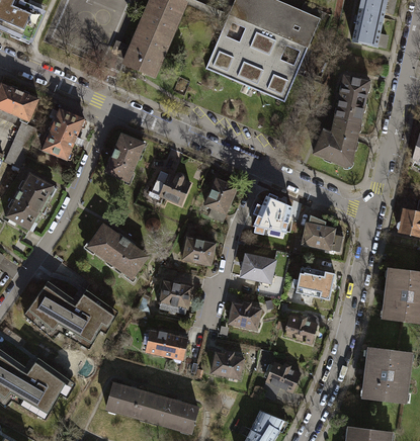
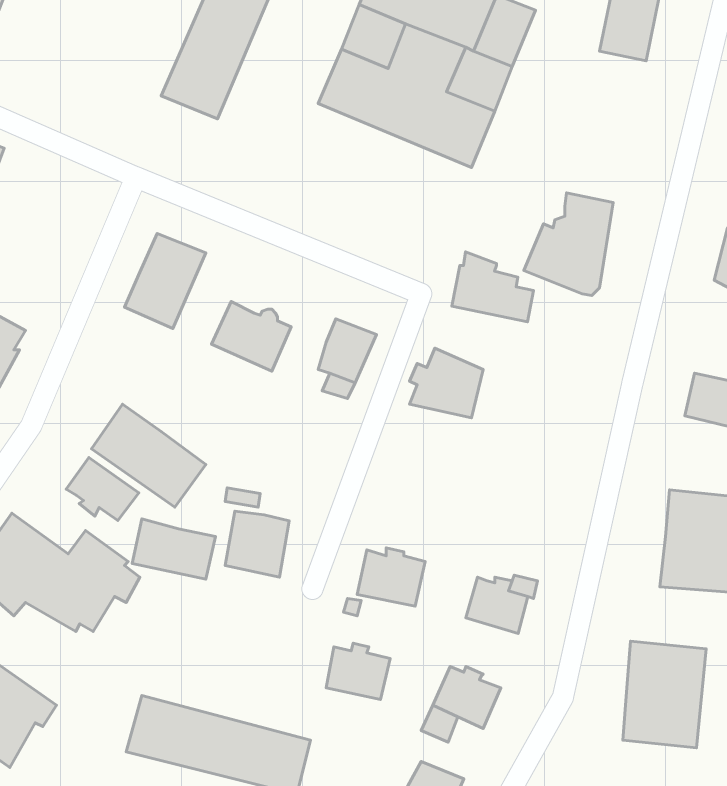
building: [335,76,368,119] -> none
building: [44,111,85,163] -> none
building: [301,215,343,252] -> [452,252,533,322]
building: [181,237,215,265] -> none
building: [238,252,274,282] -> none
building: none -> [66,458,139,521]
building: [295,267,334,299] -> none
building: [144,329,187,360] -> [132,519,215,579]

